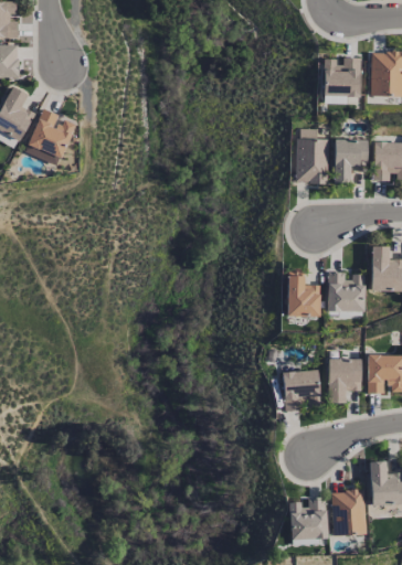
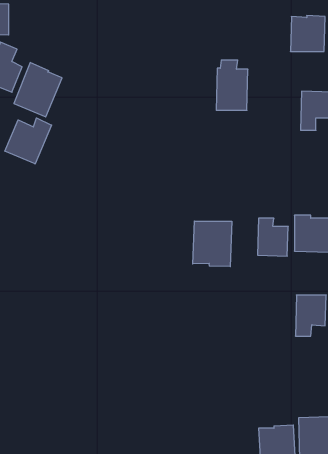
building: [295,129,329,183] -> [216,60,248,110]
building: none -> [5,118,52,164]
building: none -> [193,221,232,267]
building: [283,371,319,411] -> none

